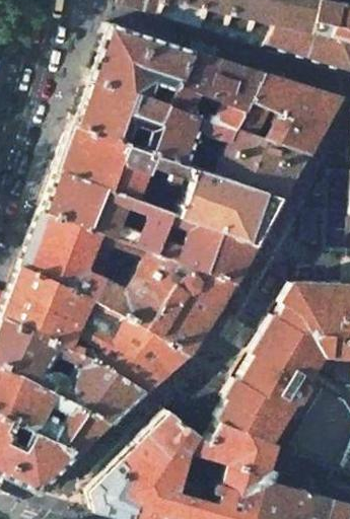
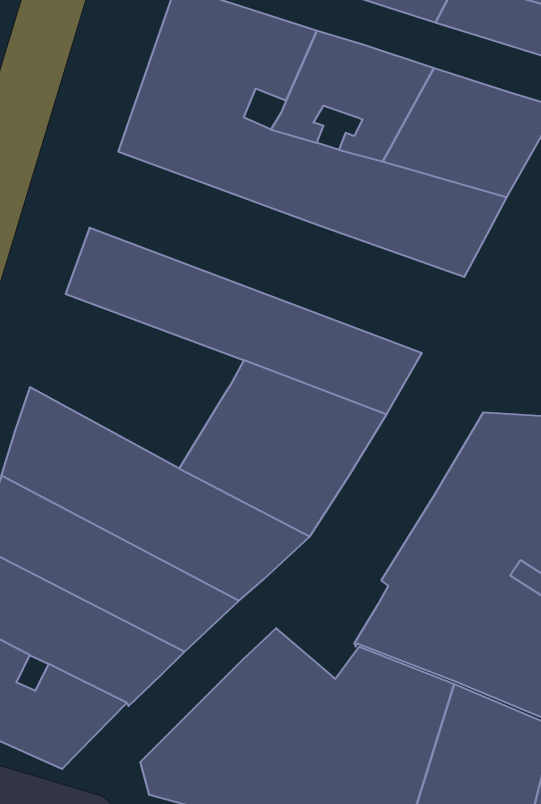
building: [61,122,285,242] -> none
building: [25,207,153,311] -> none

